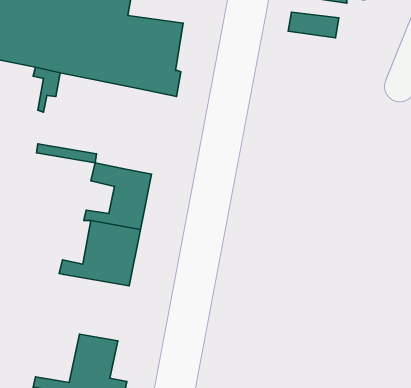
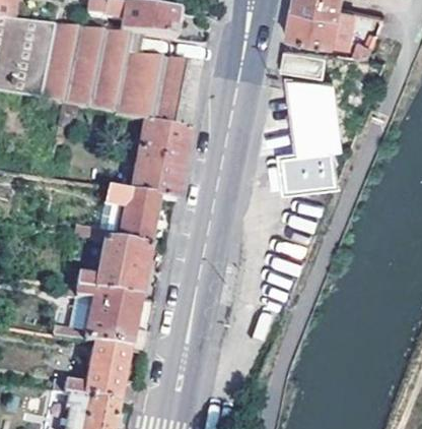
building: none -> [283,74,337,184]
building: none -> [132,119,190,200]
building: none -> [53,287,150,350]

